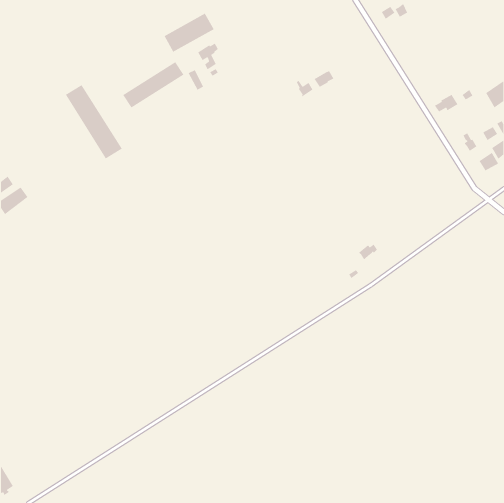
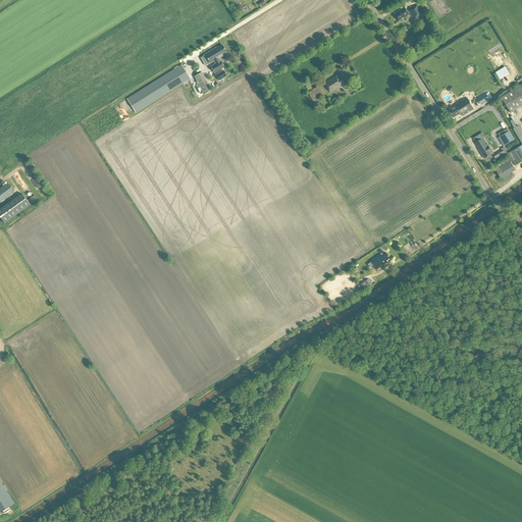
building: [163,13,215,53] -> none
building: [65,84,123,159] -> none

